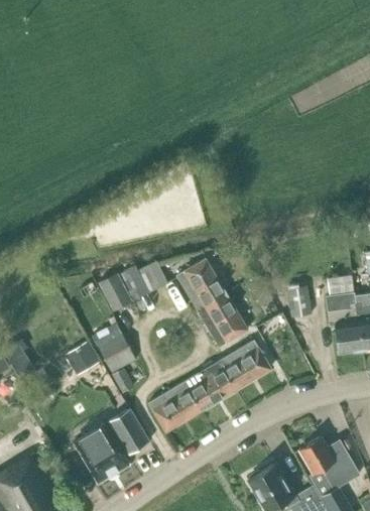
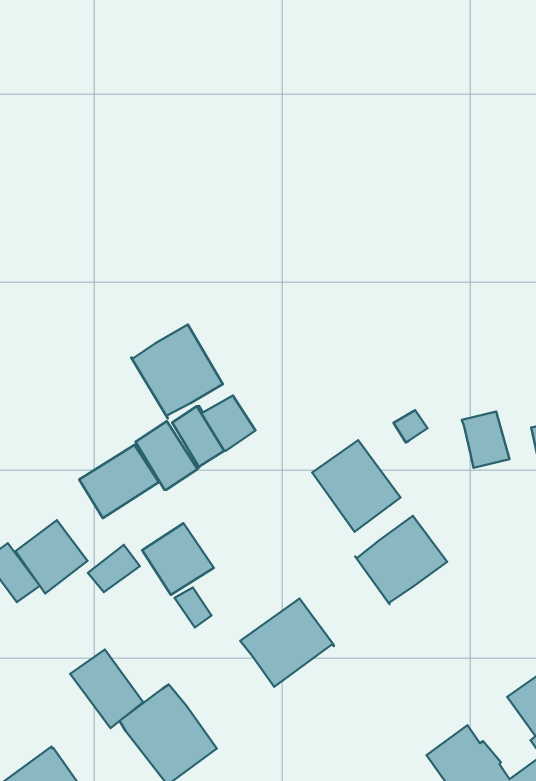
building: none -> [131,324,223,418]
building: [176,259,227,311] -> none
building: none -> [79,445,159,518]
building: none -> [15,520,87,593]
building: [184,361,236,410] -> none
building: [109,409,149,455] -> [70,649,143,728]

